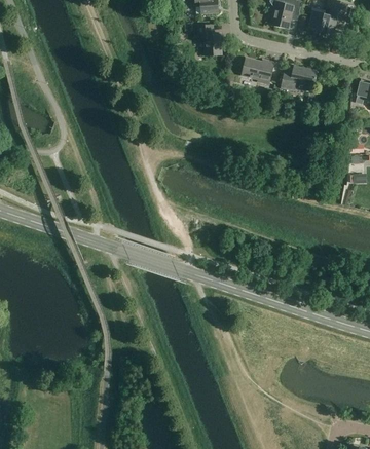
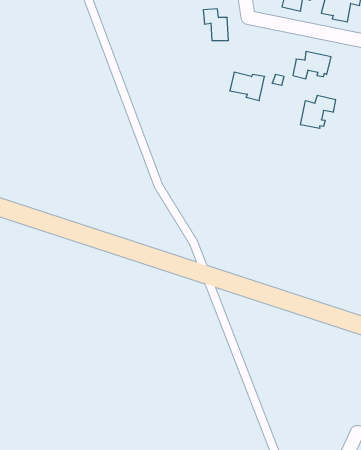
building: [242,58,274,84] -> [230,72,265,101]
building: none -> [300,95,335,128]

